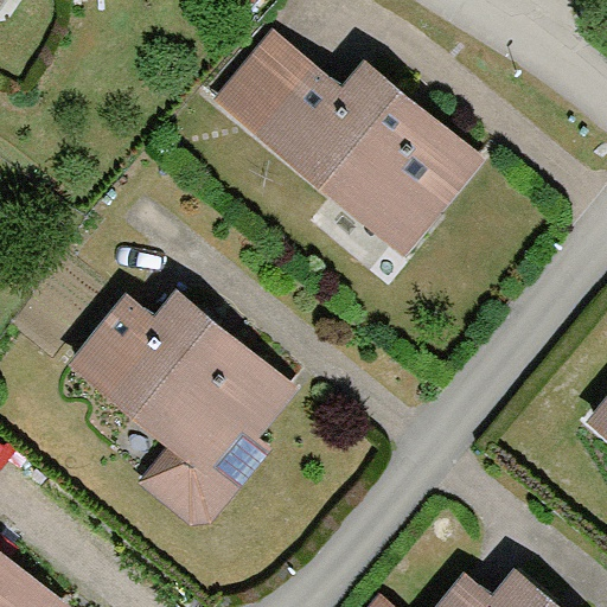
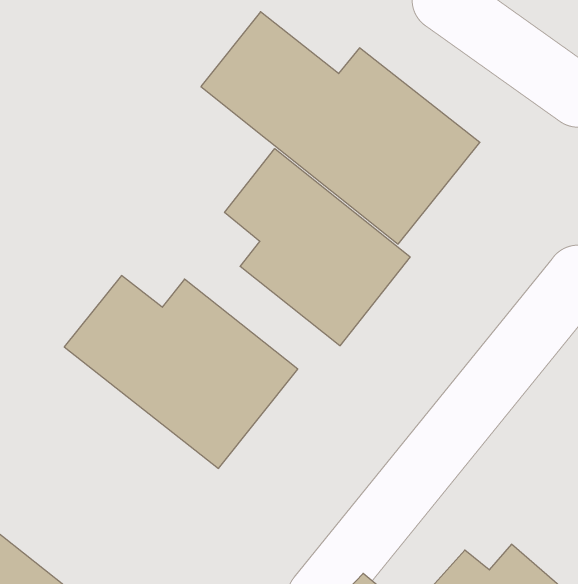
building: none -> [225,149,410,346]

